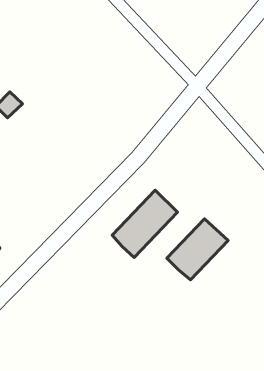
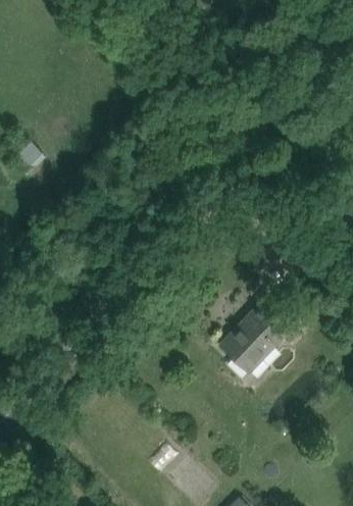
building: [112,190,177,257] -> none

